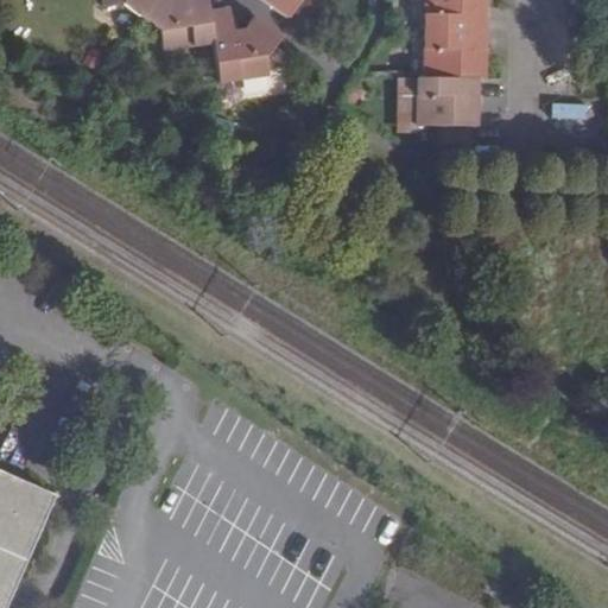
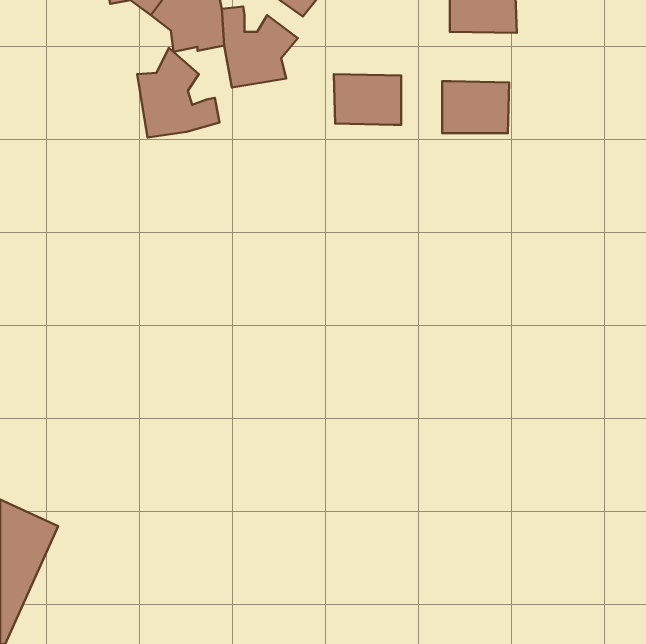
building: [423,30,486,77] -> [334,74,401,125]
building: none -> [137,48,220,137]

